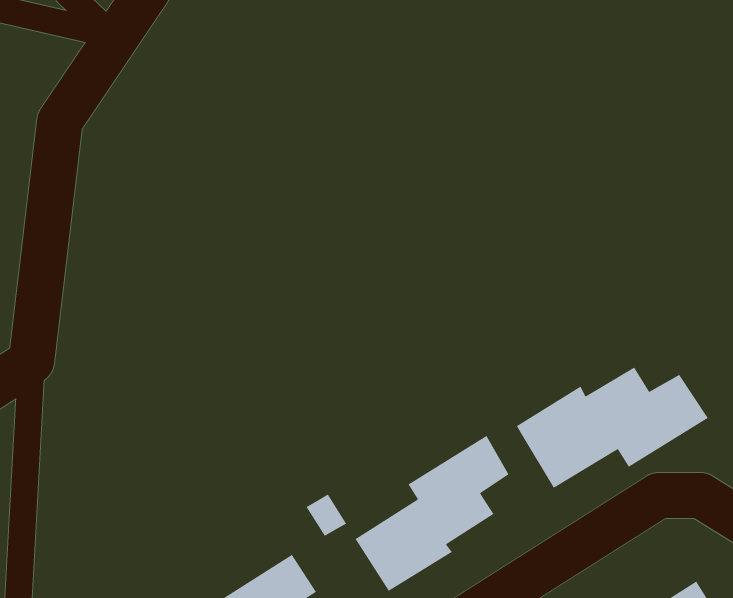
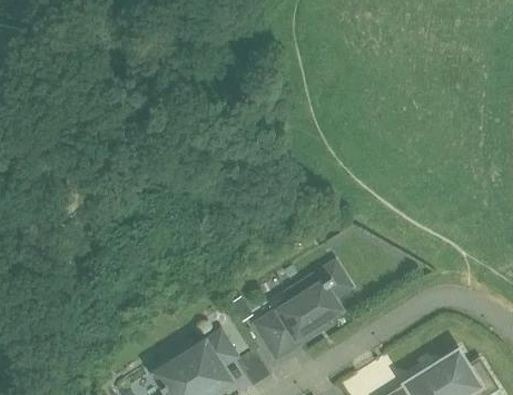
building: [516,366,709,489] -> none

